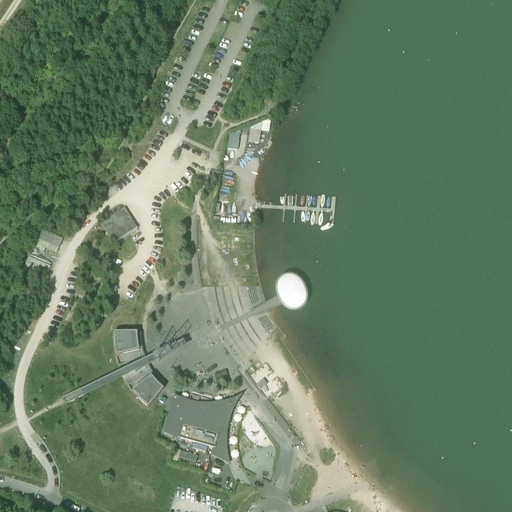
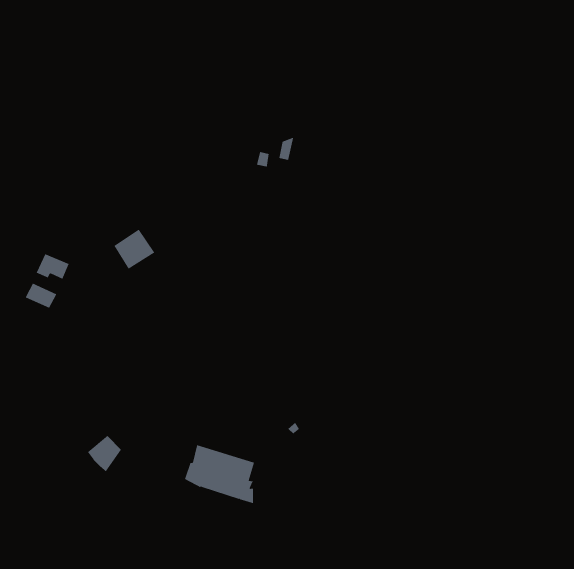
building: [113,329,139,352] -> none
building: [132,372,163,405] -> [87,435,122,472]

